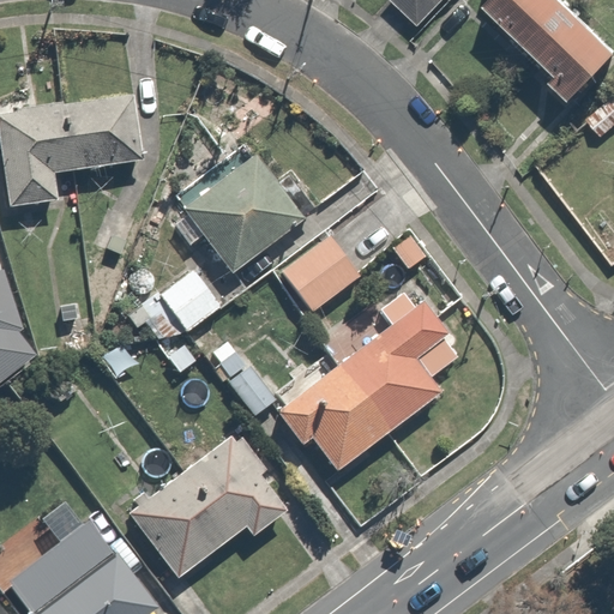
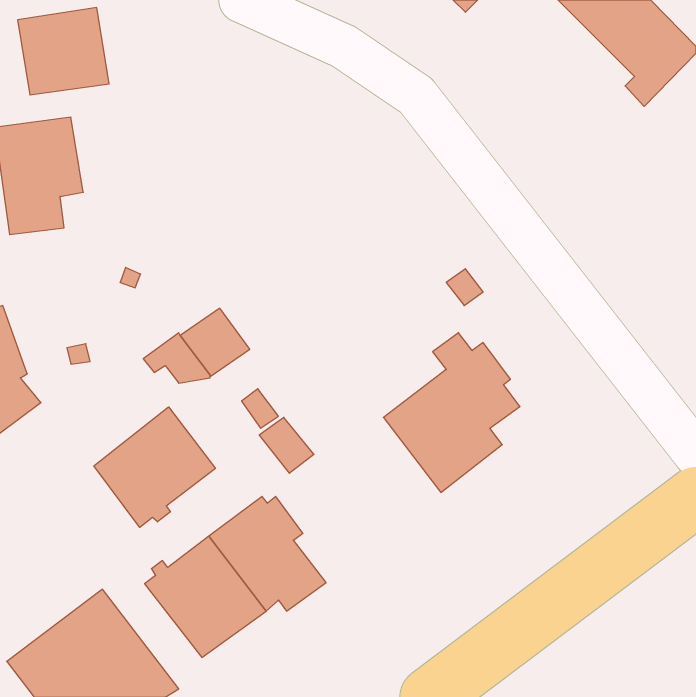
building: [62,92,143,169] -> [18,8,109,95]
building: [182,152,305,273] -> none
building: [282,236,360,311] -> none
building: none -> [94,407,215,527]
building: [277,367,387,470] -> none

